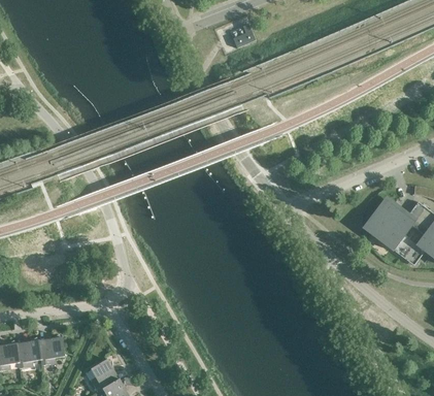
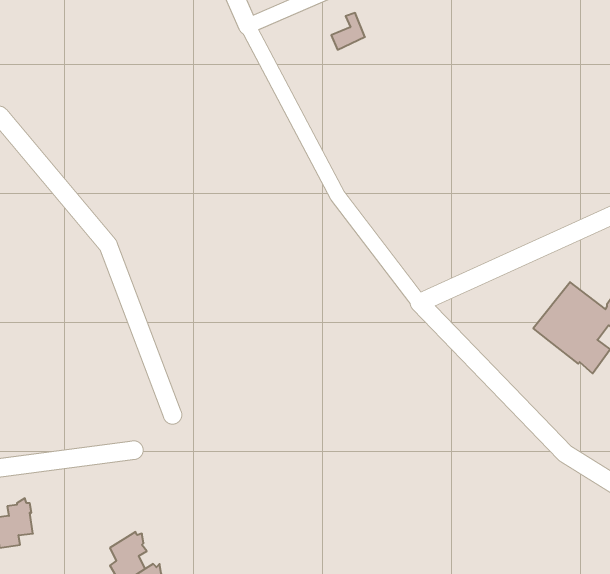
building: [39,332,64,364] -> none

